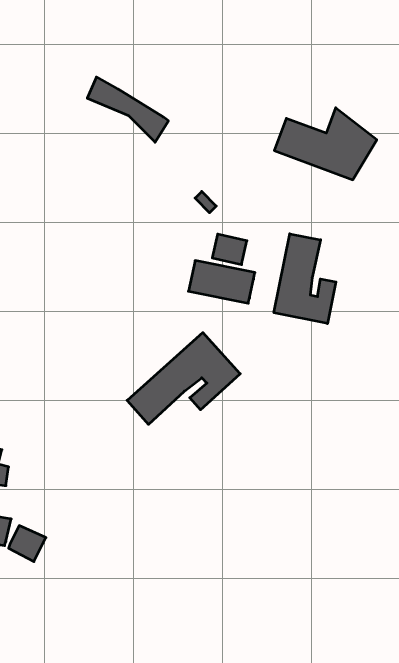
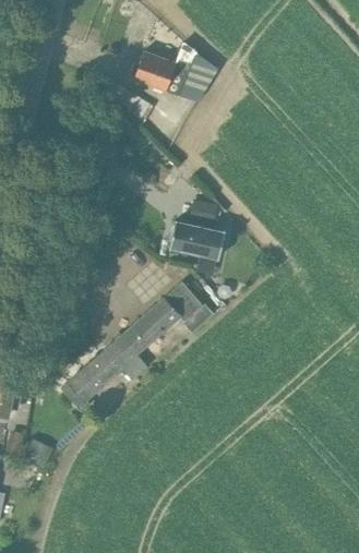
building: [274,108,377,180] -> [134,44,218,103]
building: [274,234,336,324] -> none
building: none -> [62,349,122,411]

